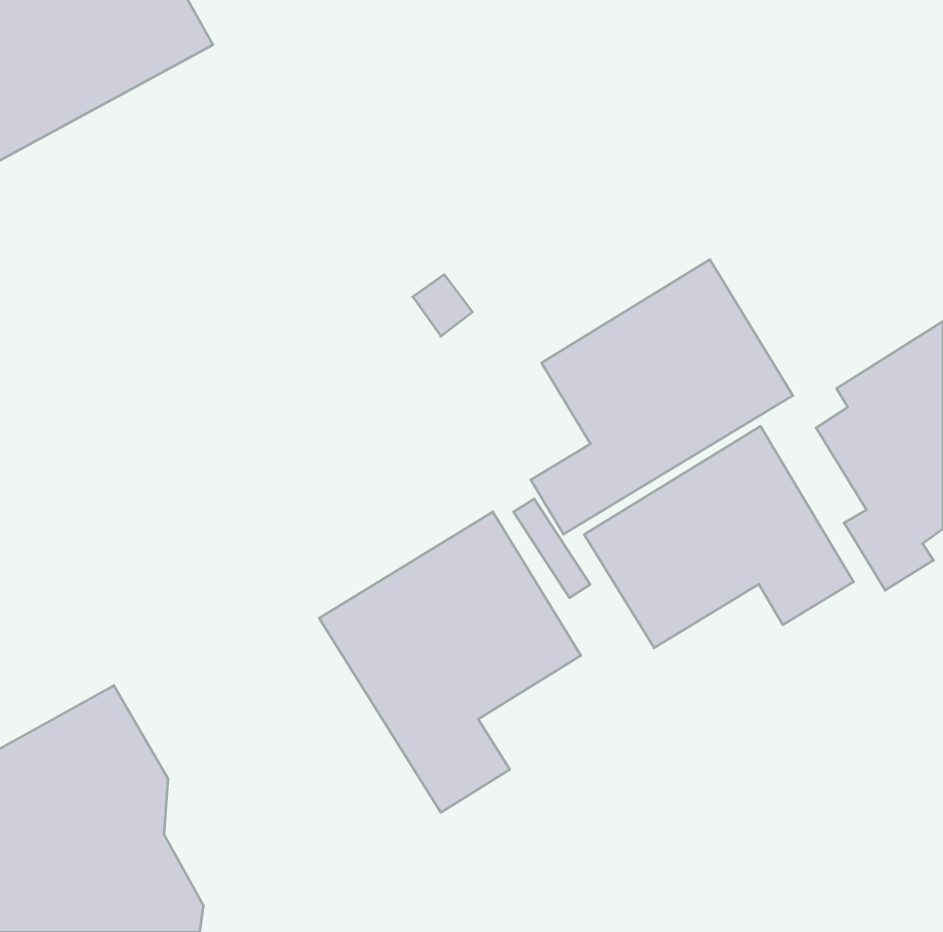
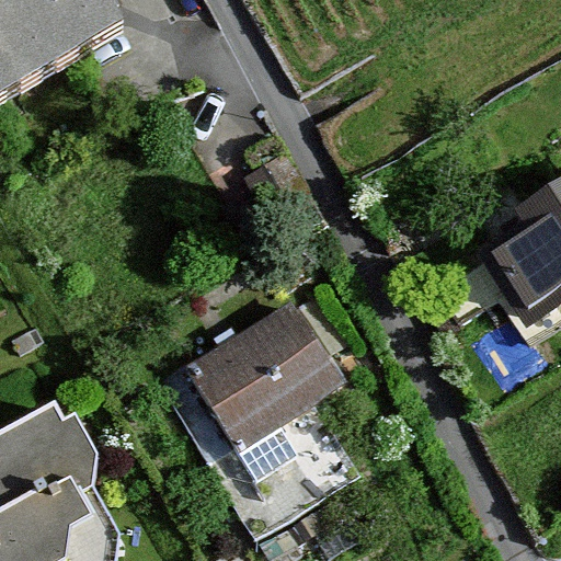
building: [531,260,793,534] -> none
building: [584,426,854,648] -> none

